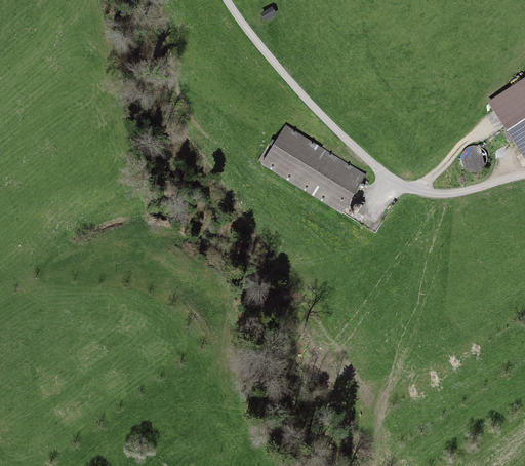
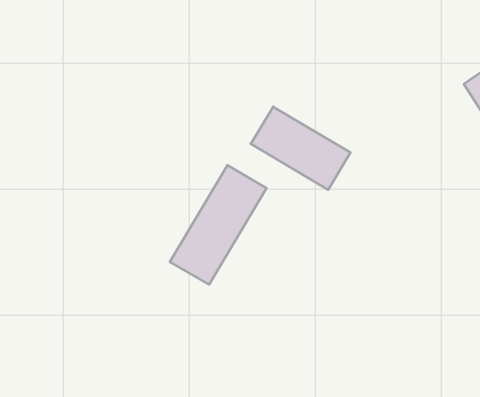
building: none -> [170,165,266,284]

